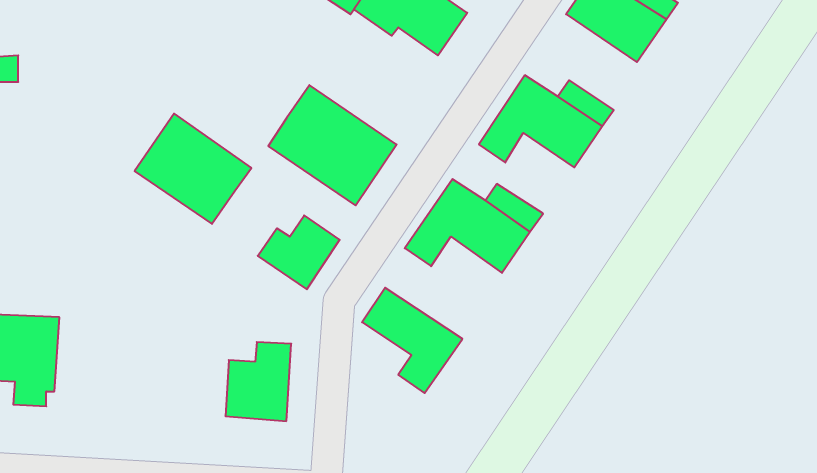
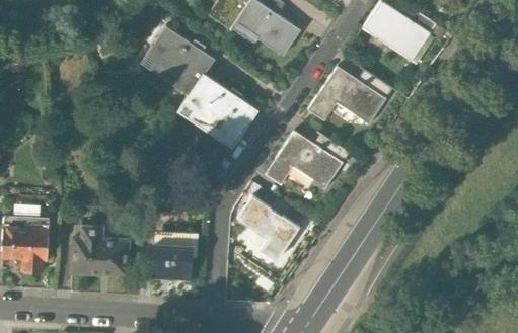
building: [135,114,251,224] -> [142,25,214,93]
building: [258,215,340,289] -> none
building: none -> [73,222,129,273]

